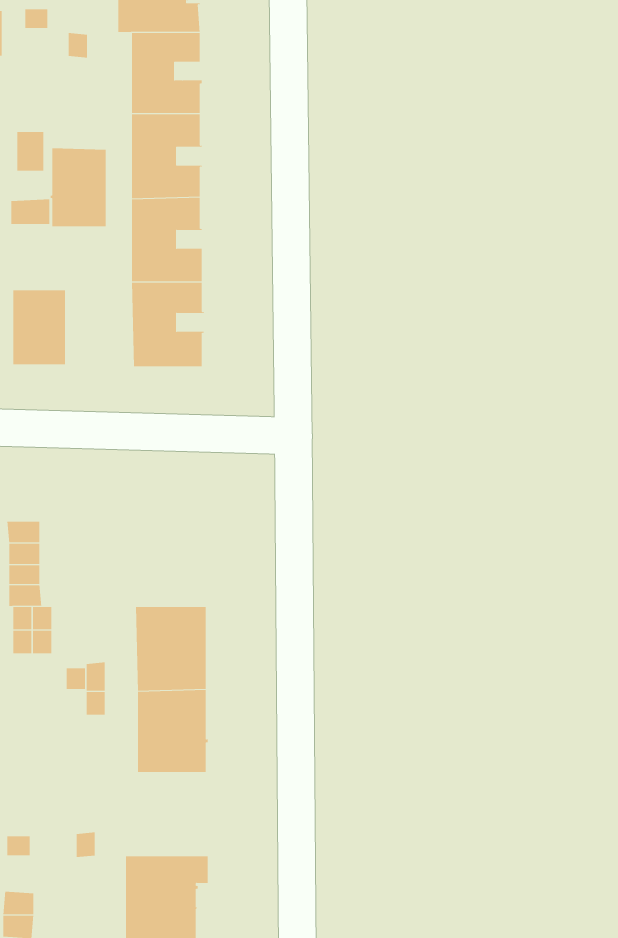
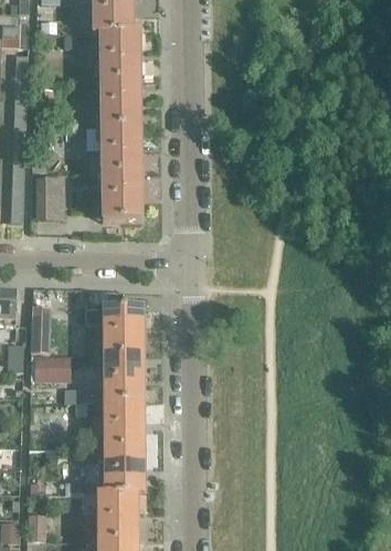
building: [50,147,106,227] -> none
building: none -> [84,307,142,354]
building: none -> [104,447,144,494]

